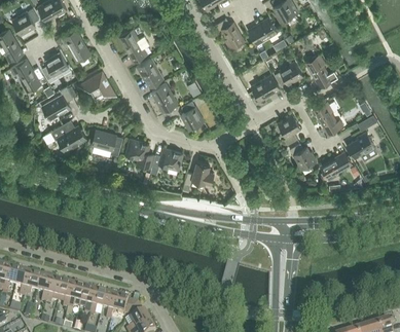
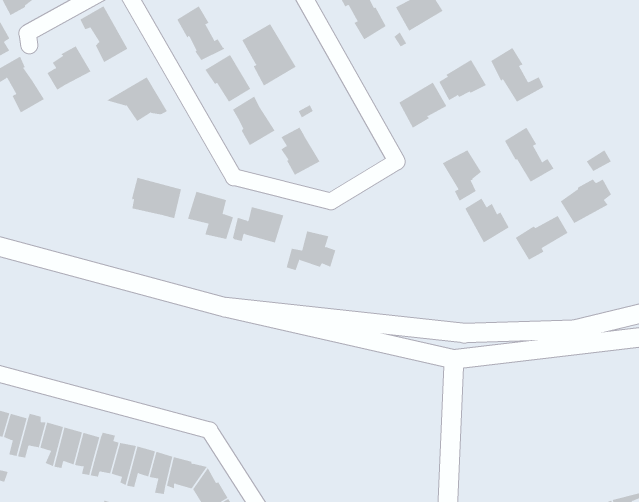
building: none -> [242,23,297,87]
building: [42,86,73,119] -> none
building: [50,124,86,151] -> none

